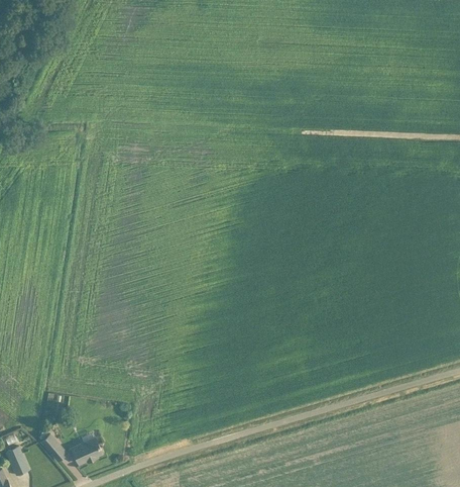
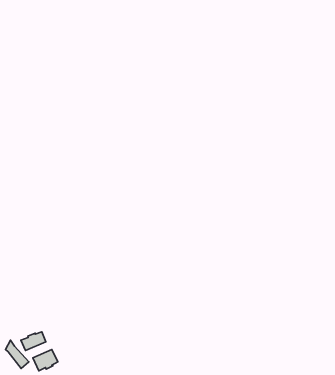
building: none -> [21,332,46,351]

